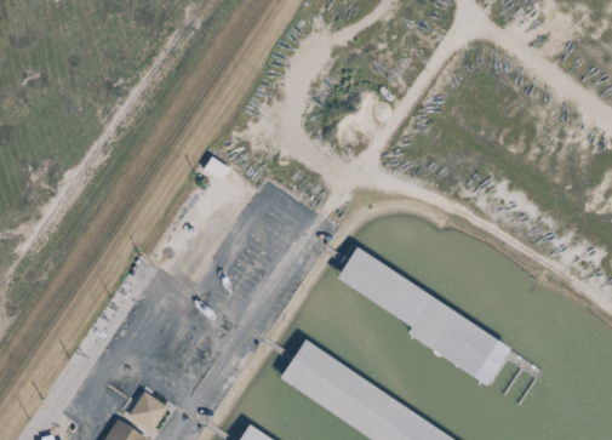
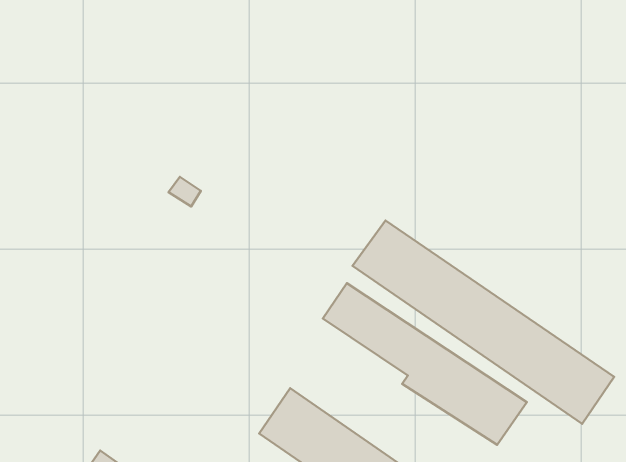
building: none -> [353,220,614,424]

